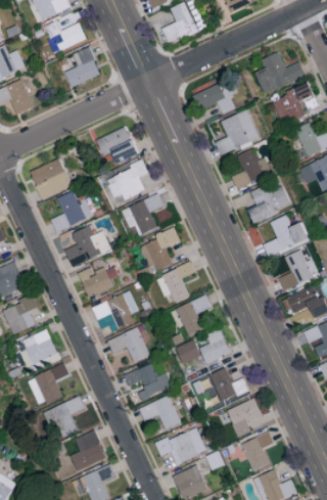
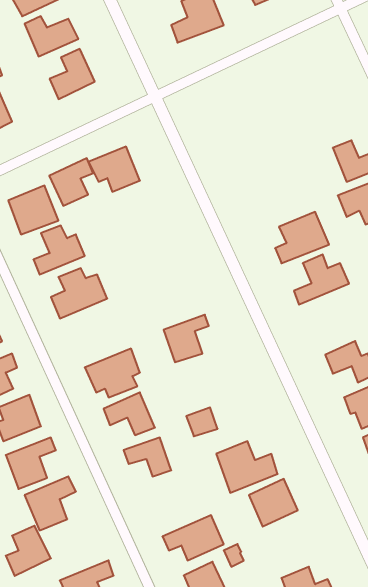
building: [255,51,307,94] -> none
building: [274,82,314,123] -> none
building: [193,83,238,113] -> none
building: [216,109,261,154] -> none
building: [232,146,279,188] -> none
building: [113,161,149,199] -> [49,158,93,206]
building: [122,193,165,237] -> none
building: [141,229,181,273] -> none
building: [280,249,318,290] -> none
building: [79,266,119,297] -> none
building: [177,294,212,336] -> none
building: [199,329,231,364] -> none
building: [139,396,181,429] -> none
building: [71,430,107,471] -> [6,526,51,576]
building: [242,431,275,470] -> none

